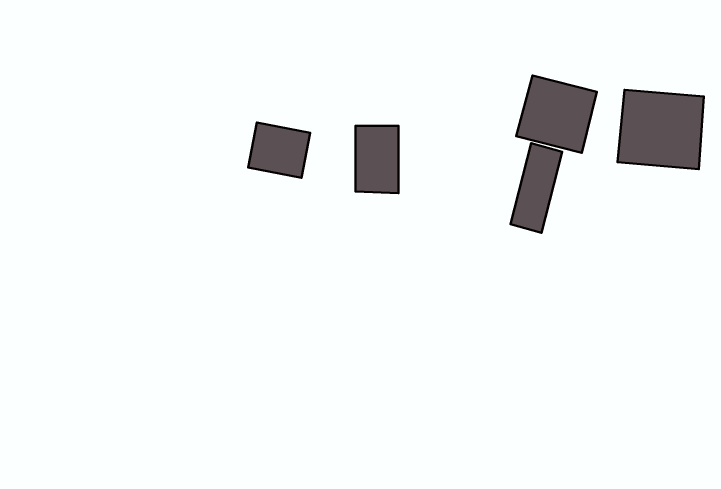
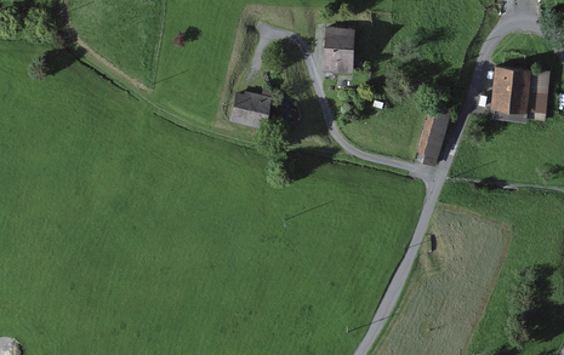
building: [516,75,597,153] -> none
building: [355,126,399,193] -> [323,24,353,71]

